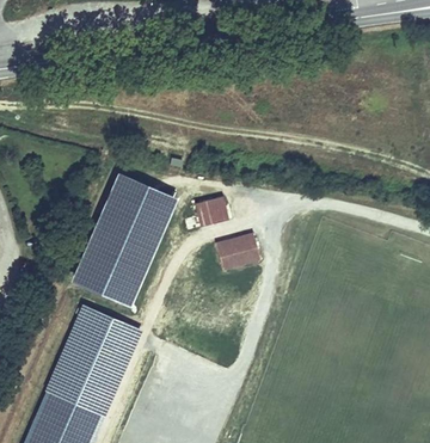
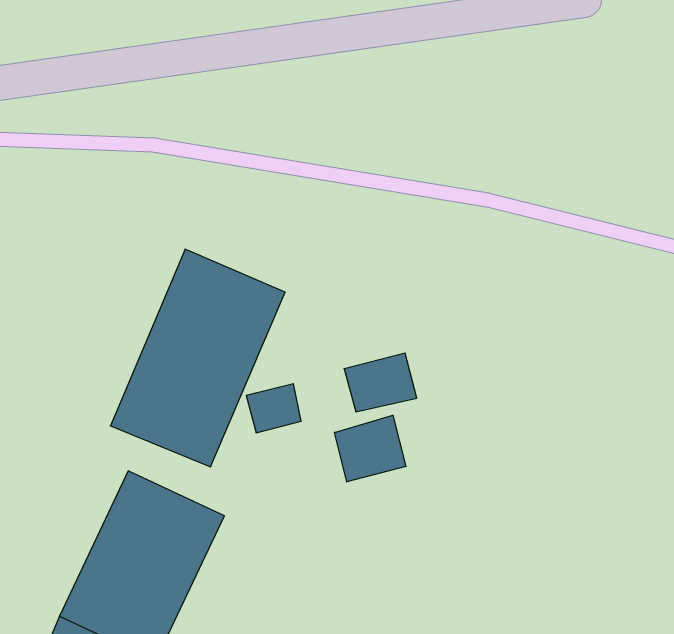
building: [195,197,228,227] -> [246,384,301,433]
building: none -> [335,415,406,482]

